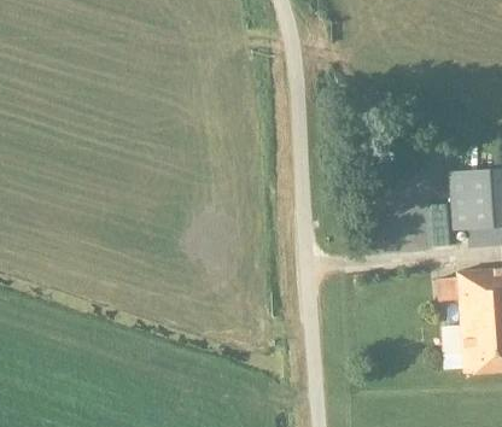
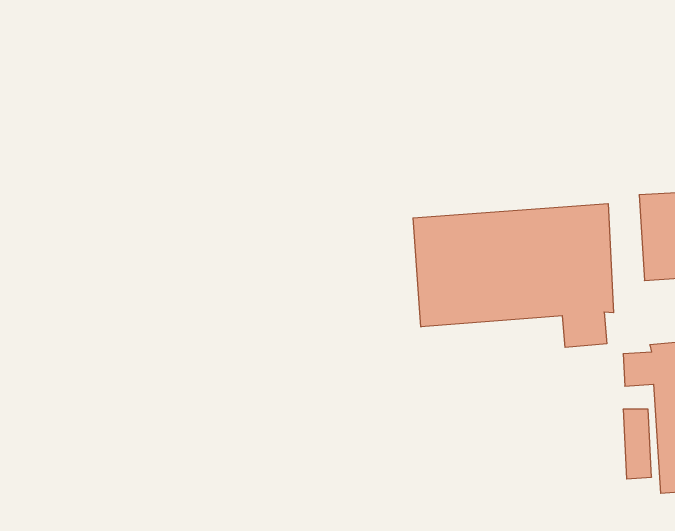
building: none -> [413,204,614,347]

